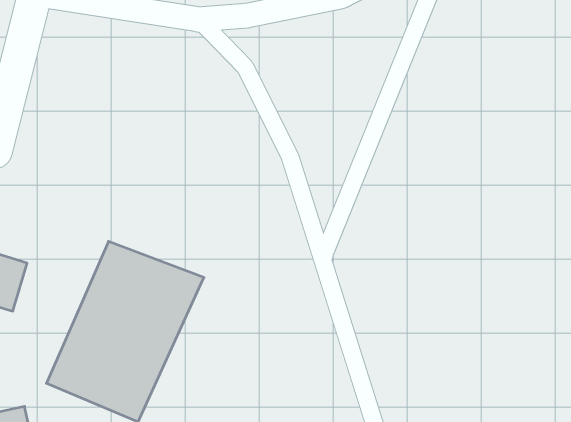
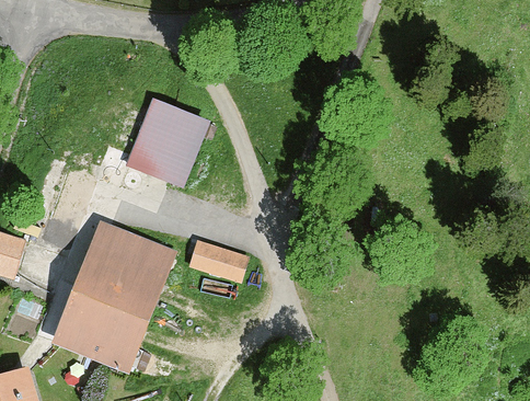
building: none -> [126,96,206,187]
building: none -> [189,240,254,285]

